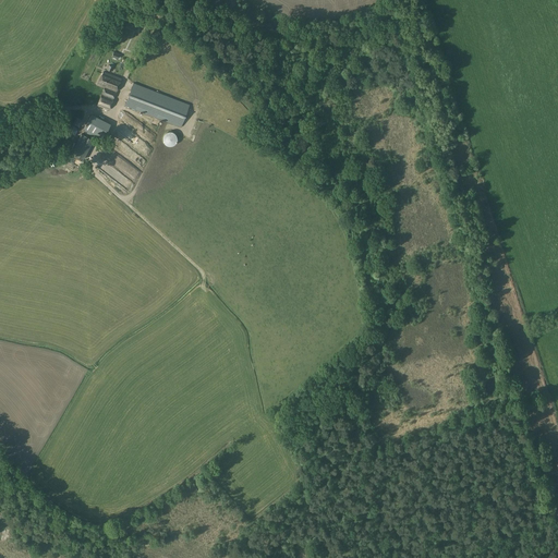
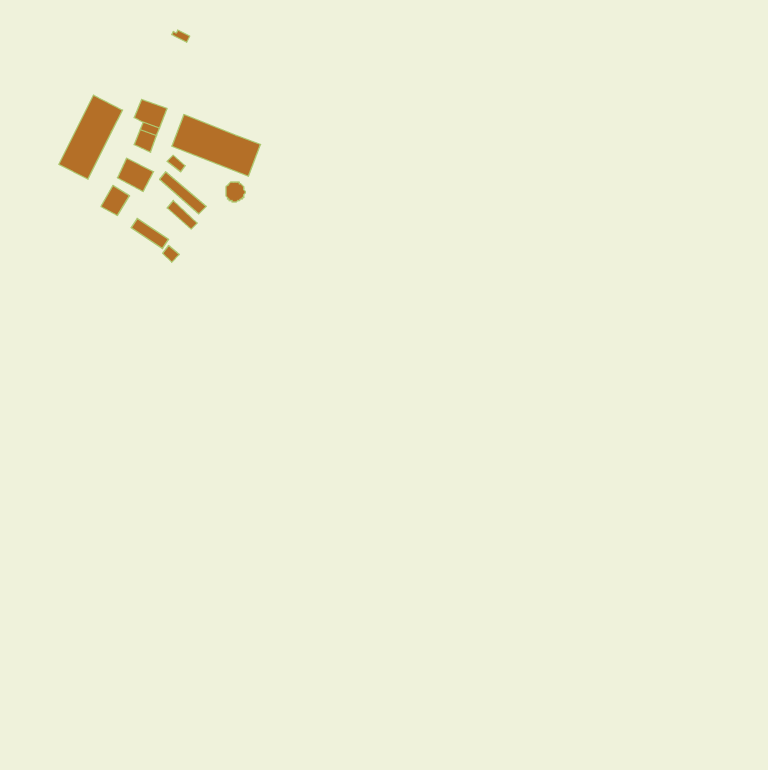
building: none -> [59,95,123,179]

